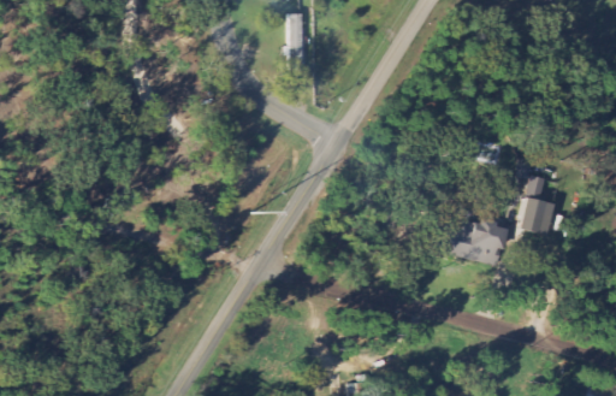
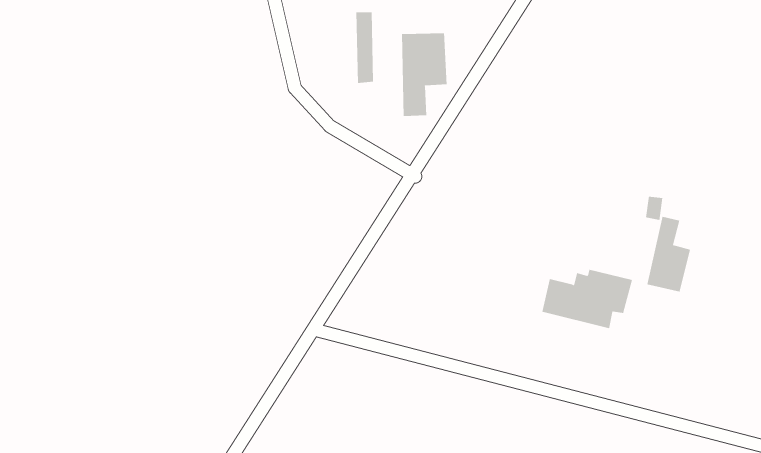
building: none -> [401,33,447,117]

